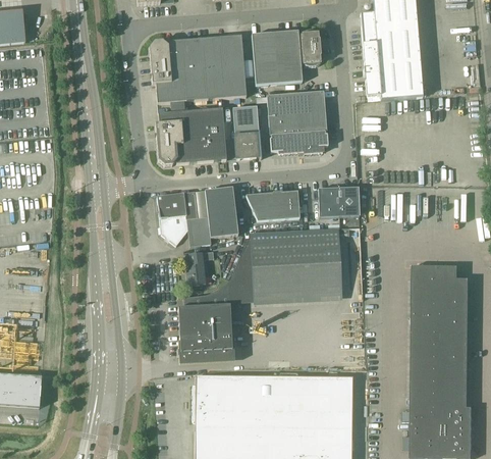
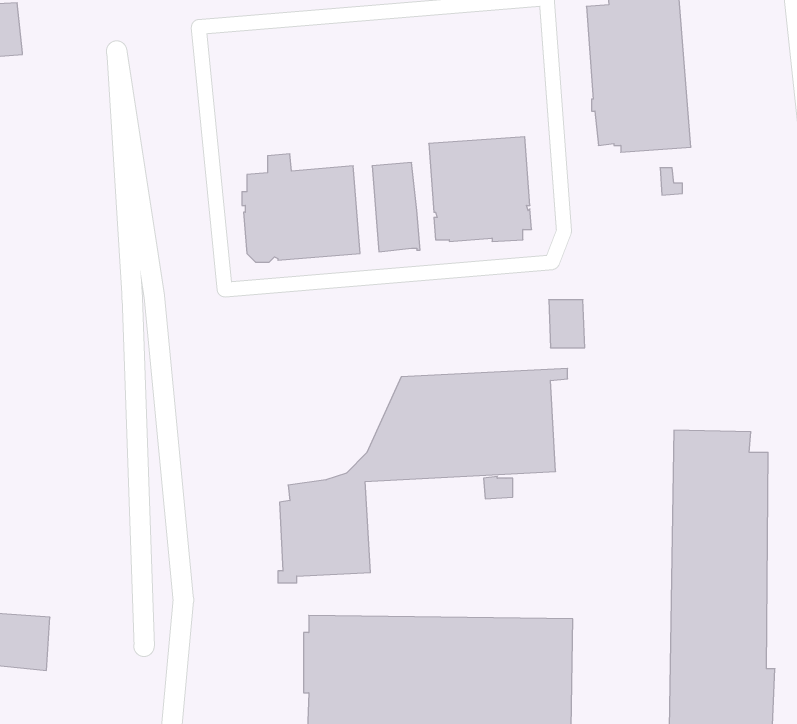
building: [252,31,321,86] -> none
building: [150,36,247,103] -> none
building: [157,188,238,248] -> none
building: [318,188,339,217] -> none
building: [247,191,301,221] -> none
building: [186,252,207,286] -> none

